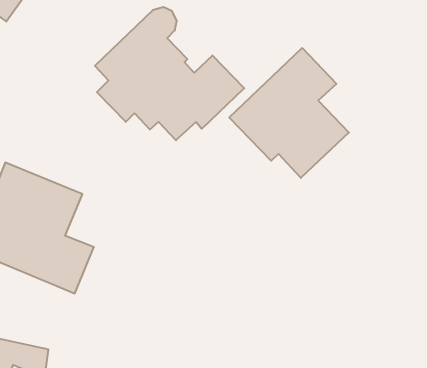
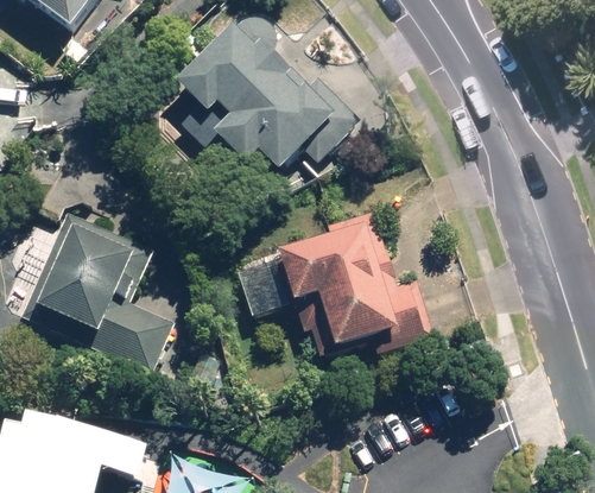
building: [229,48,349,178] -> none
building: none -> [239,208,438,362]

